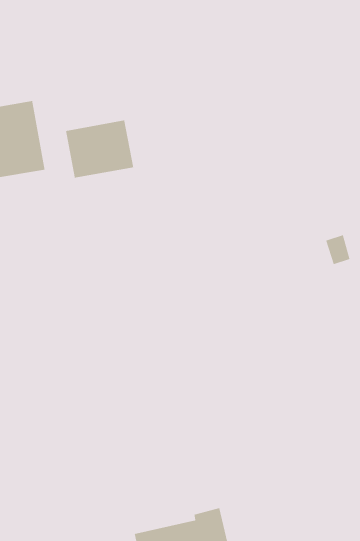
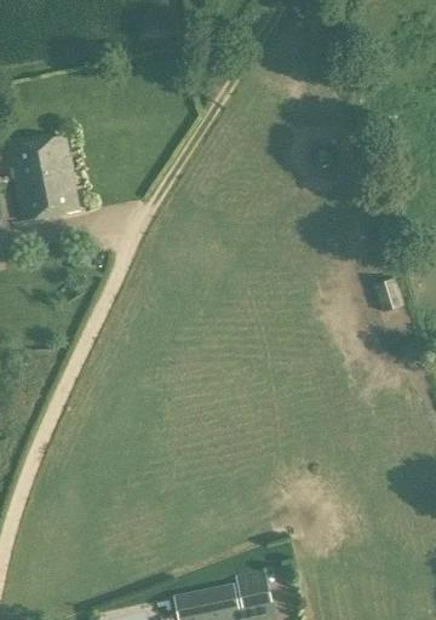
building: [65,120,134,179] -> none

